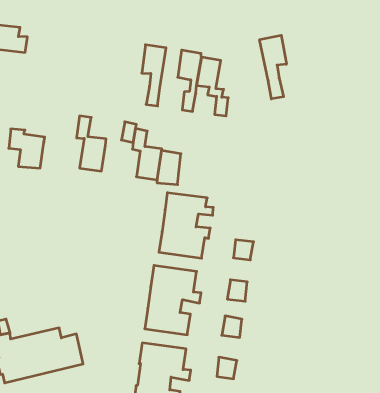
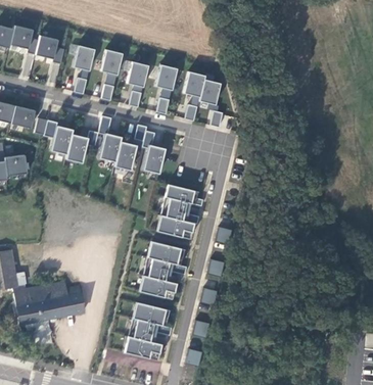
building: none -> [72,45,94,94]
building: none -> [100,48,122,100]
building: [260,35,286,99] -> none
building: none -> [127,61,148,107]
building: none -> [65,130,98,163]
building: [157,151,181,185] -> [114,141,136,170]

